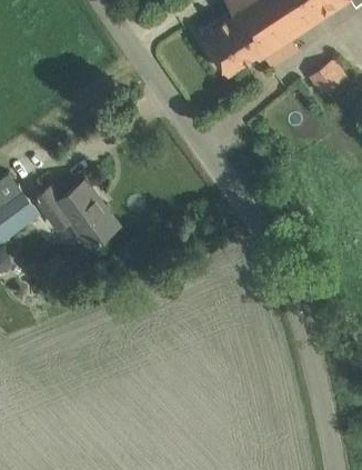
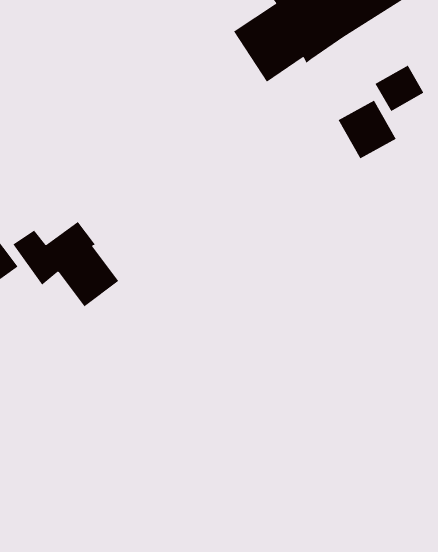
building: none -> [338,100,396,159]

